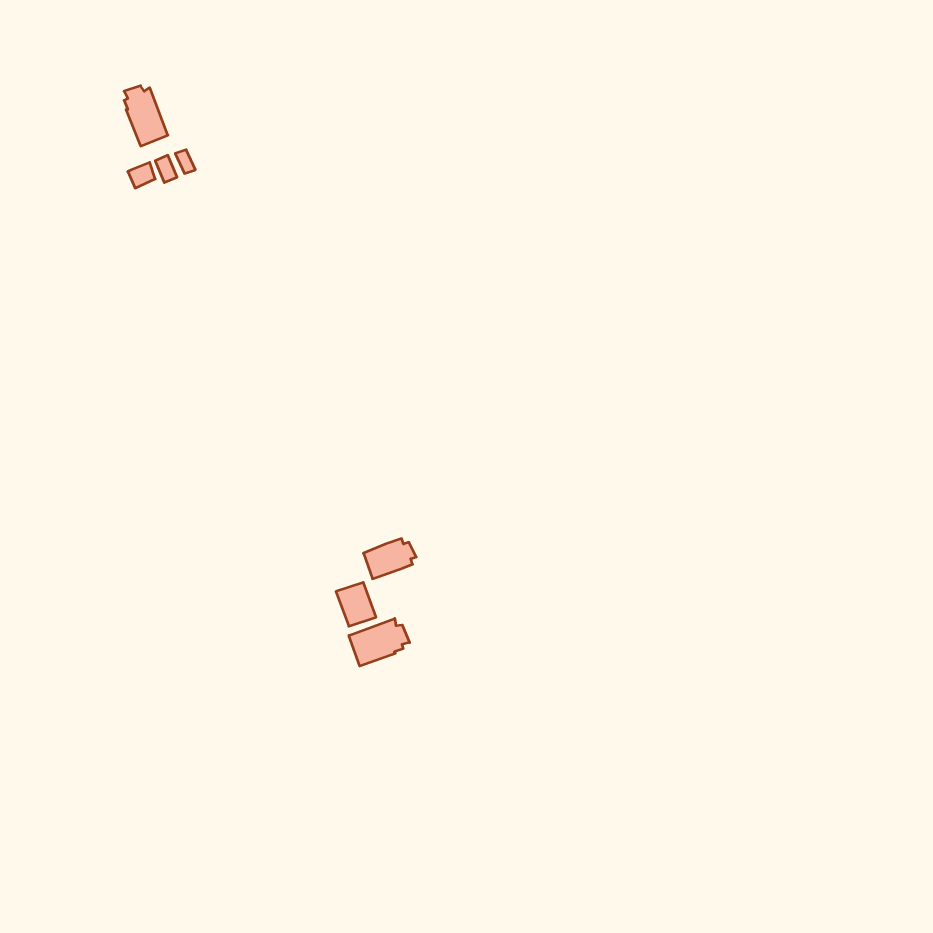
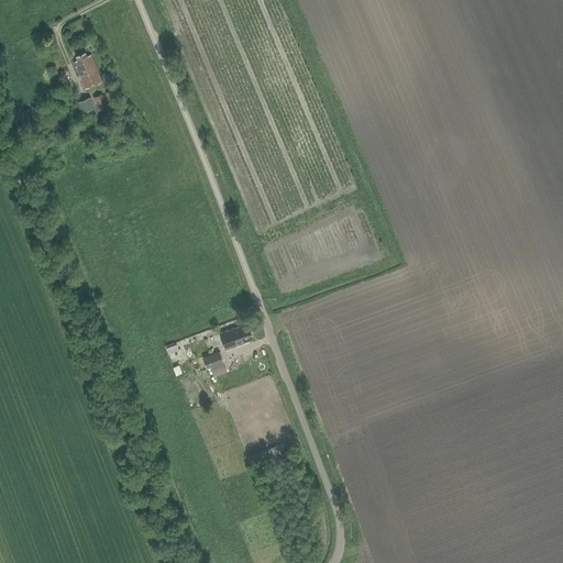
building: [349,618,410,666] -> none

